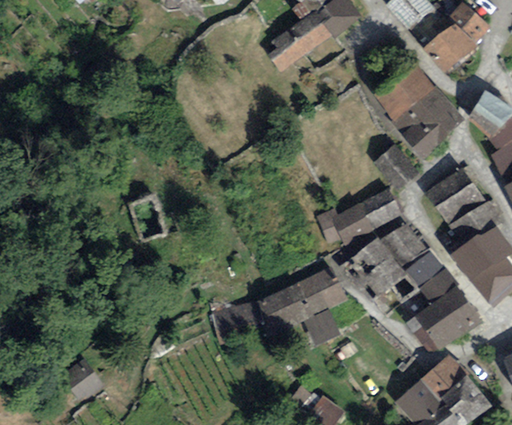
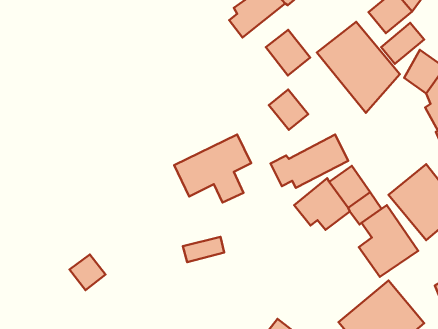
building: none -> [381,23,424,64]
building: none -> [266,30,310,76]
building: [374,145,419,191] -> [269,90,308,130]
building: [425,166,495,238] -> none
building: [260,266,348,344] -> [174,134,251,203]
building: [63,363,104,404] -> [70,255,105,290]

